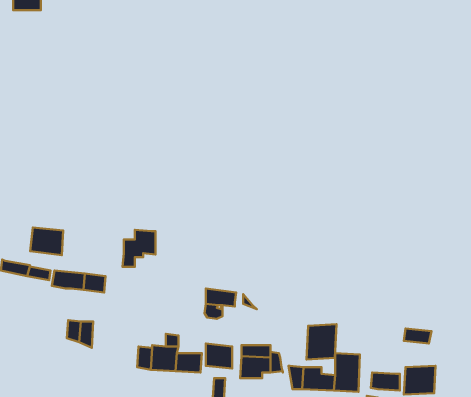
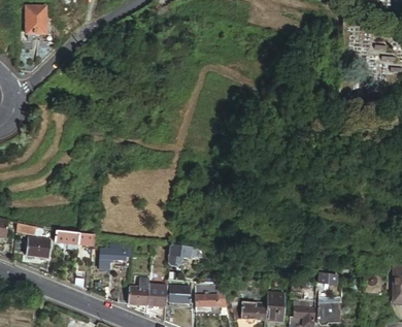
building: [30,228,63,255] -> [26,237,51,258]
building: [123,230,156,267] -> [100,241,125,269]
building: [307,324,336,360] -> none

